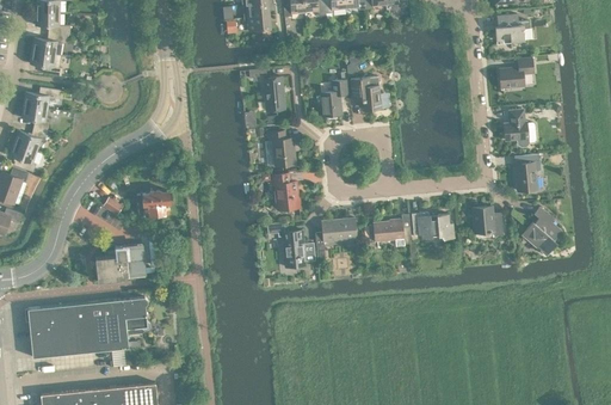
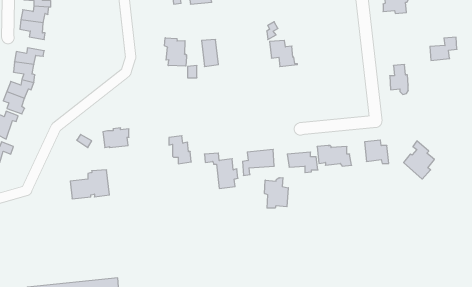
building: [499,57,533,87] -> [430,37,457,60]
building: none -> [165,38,186,66]
building: [319,80,347,117] -> none
building: [266,130,294,166] -> none
building: [514,154,539,191] -> none
building: [271,173,300,209] -> [169,136,191,164]
building: none -> [265,178,288,208]
building: [27,296,149,366] -> none

